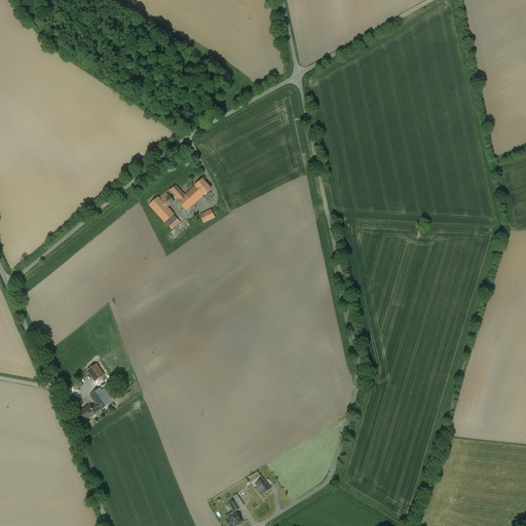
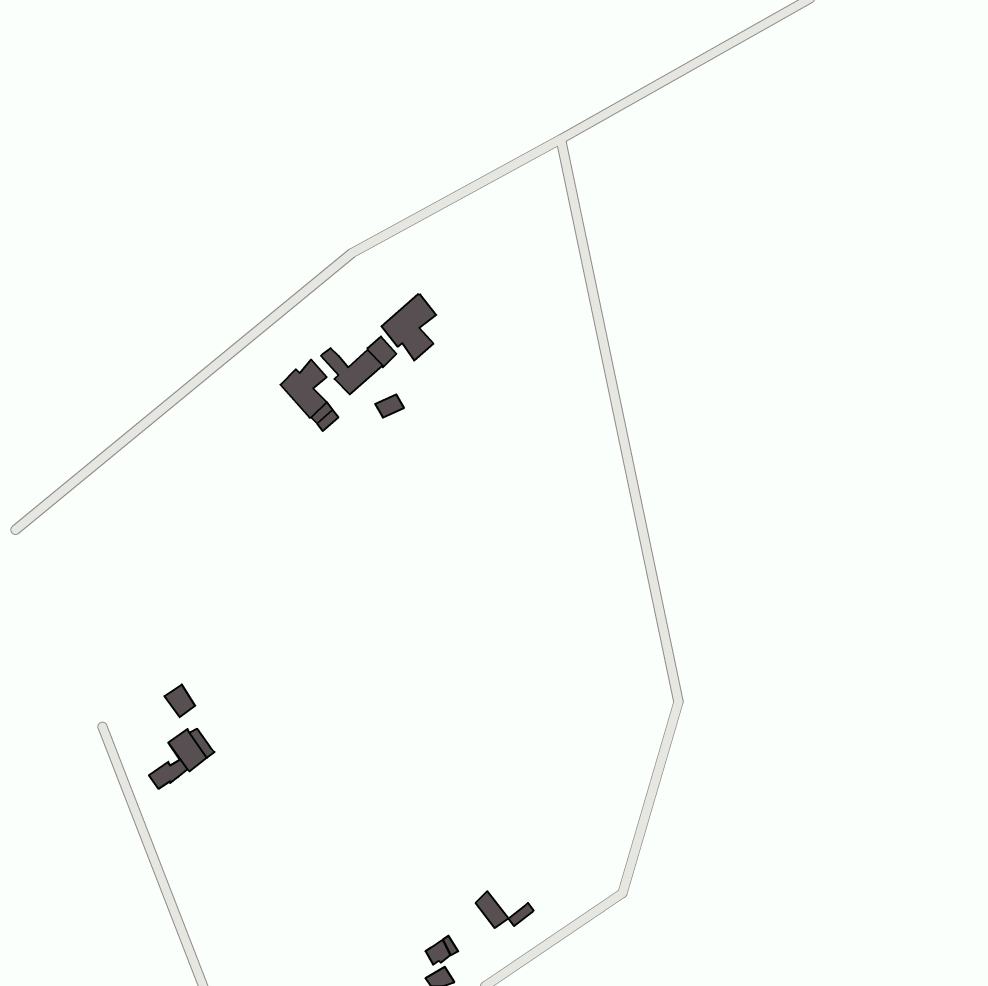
building: none -> [381,294,436,361]

